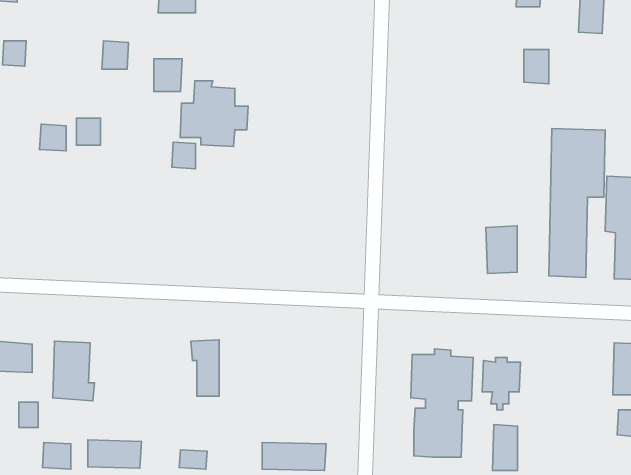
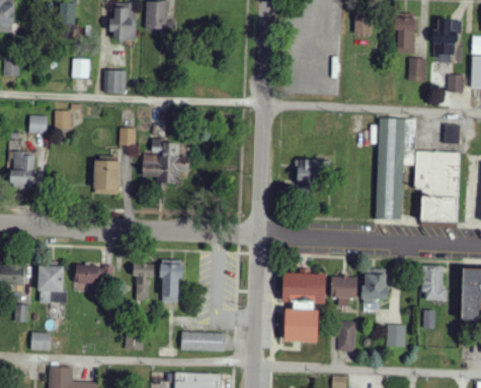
building: [524,50,549,84] -> [409,59,426,82]
building: [180,81,248,146] -> [143,139,189,183]
building: none -> [11,152,34,188]
building: none -> [94,157,121,195]
building: [486,226,517,274] -> [297,159,318,191]
building: none -> [161,260,183,303]
building: none -> [362,268,388,313]
building: none -> [388,325,406,347]
building: [88,440,141,468] -> [77,264,113,284]

